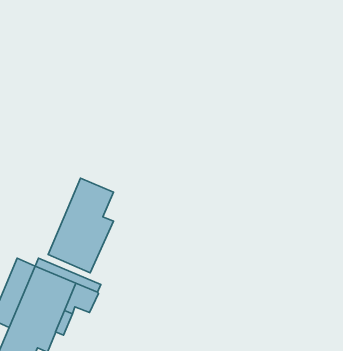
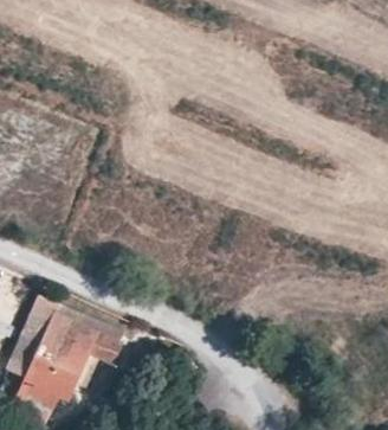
building: [48,178,114,273] -> none

